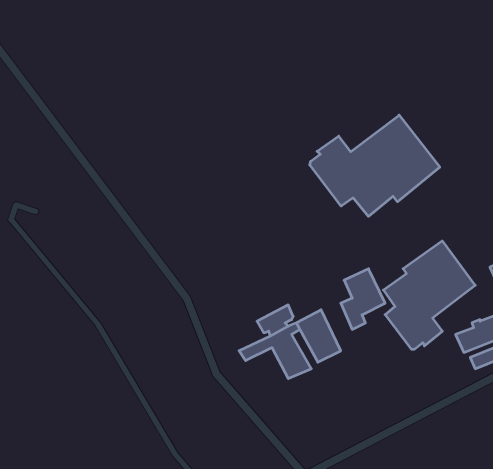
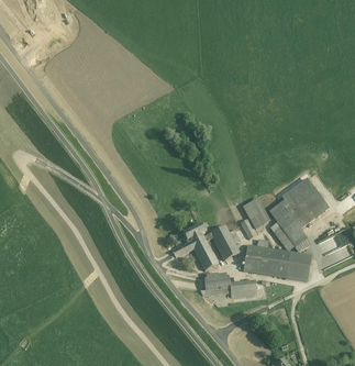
building: [310,115,440,216] -> none
building: none -> [243,245,312,282]
building: none -> [202,274,257,298]

